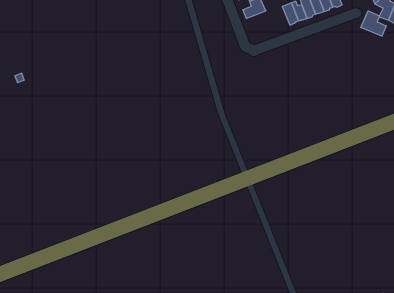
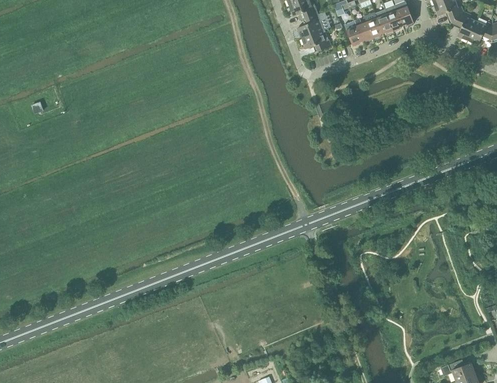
building: none -> [302,28,331,50]
building: [361,11,386,36] -> none

